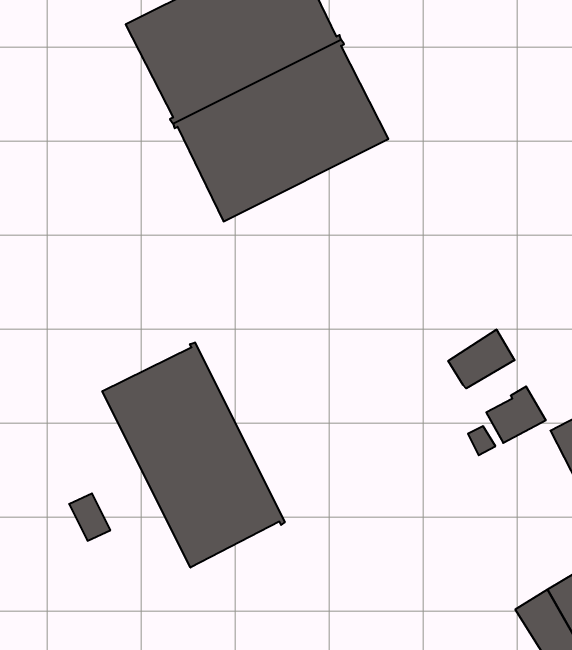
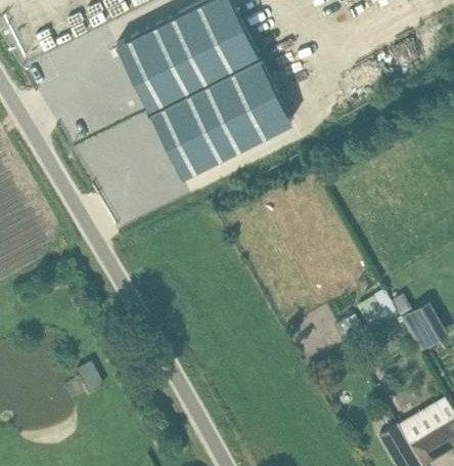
building: [448,329,515,388] -> none
building: [102,342,285,568] -> none

